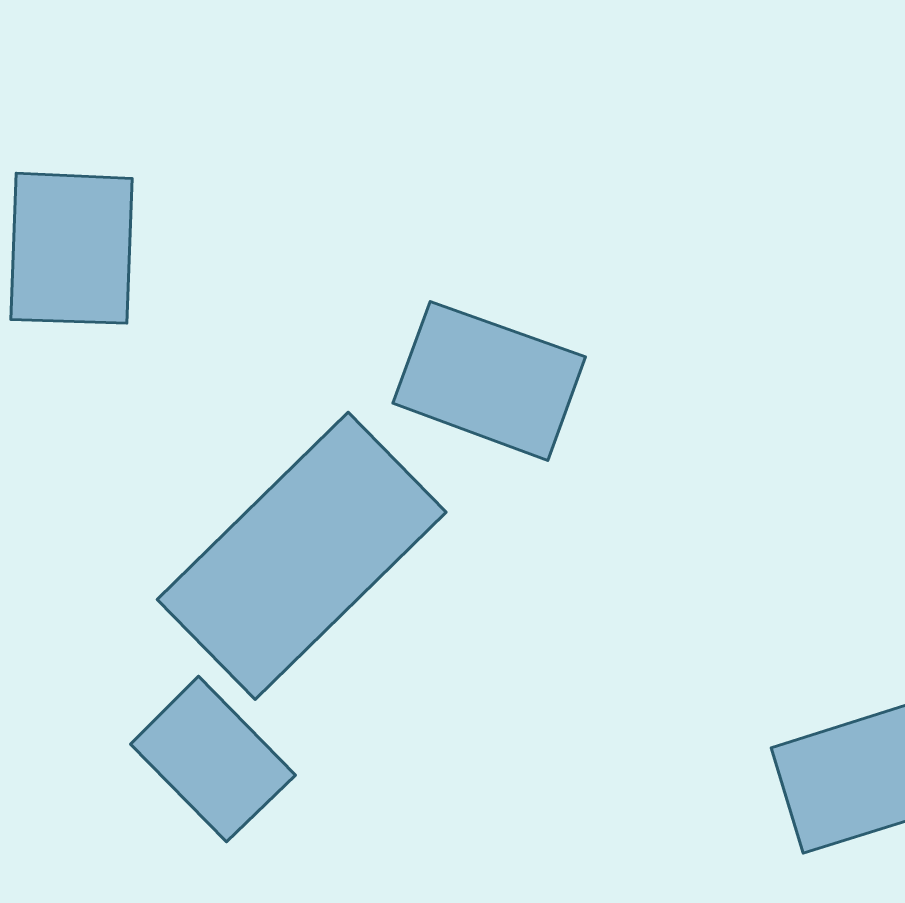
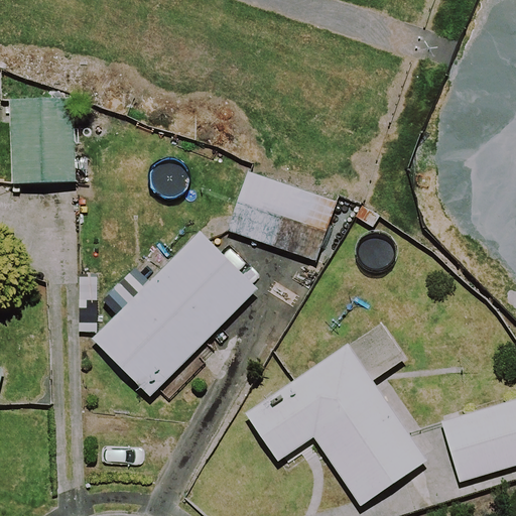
building: none -> [244,320,425,504]
building: [131,676,296,842] -> none

